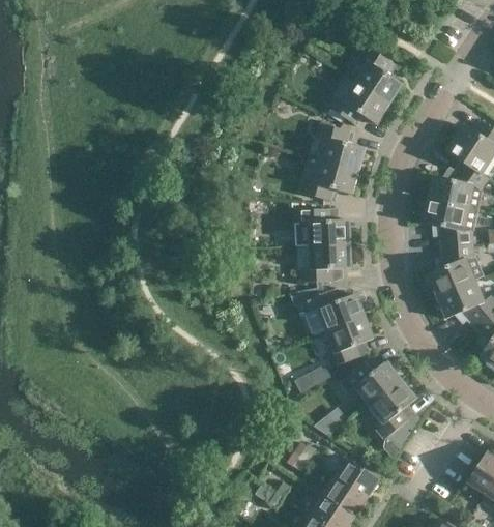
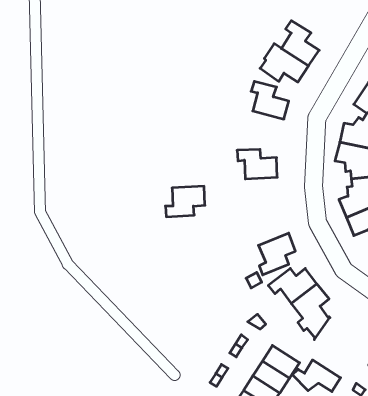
building: [301,162,358,202] -> none
building: [301,245,351,284] -> [165,186,205,217]
building: [306,288,365,331] -> none
building: none -> [292,360,341,392]

